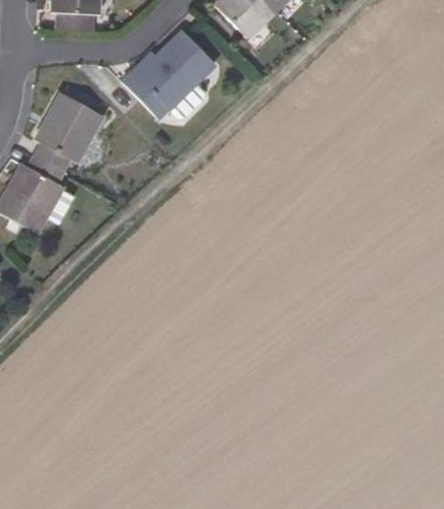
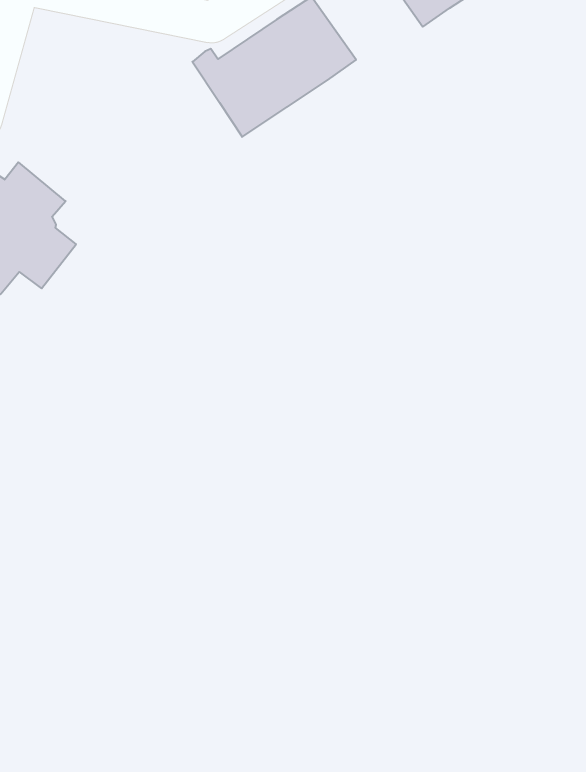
building: [33,92,100,171] -> none

